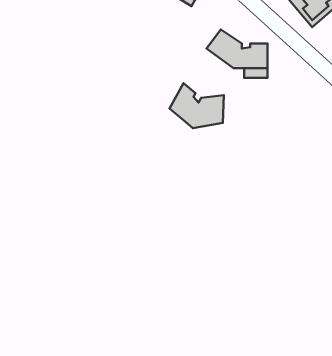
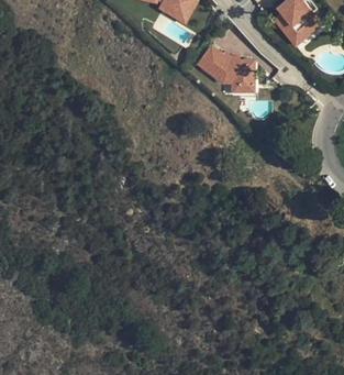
building: [169,83,224,128] -> none

